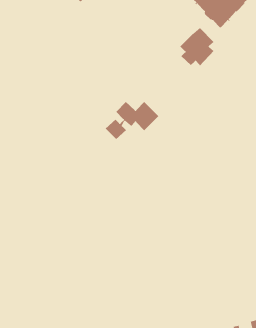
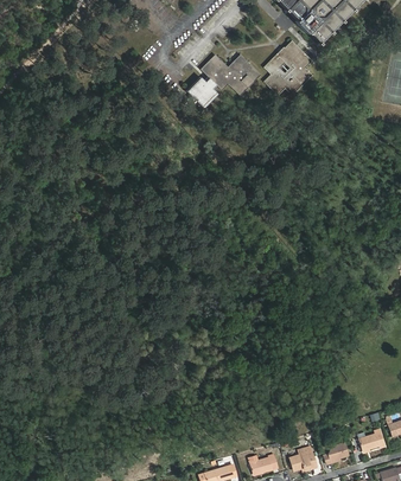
building: [105,101,159,140] -> [187,54,261,107]

